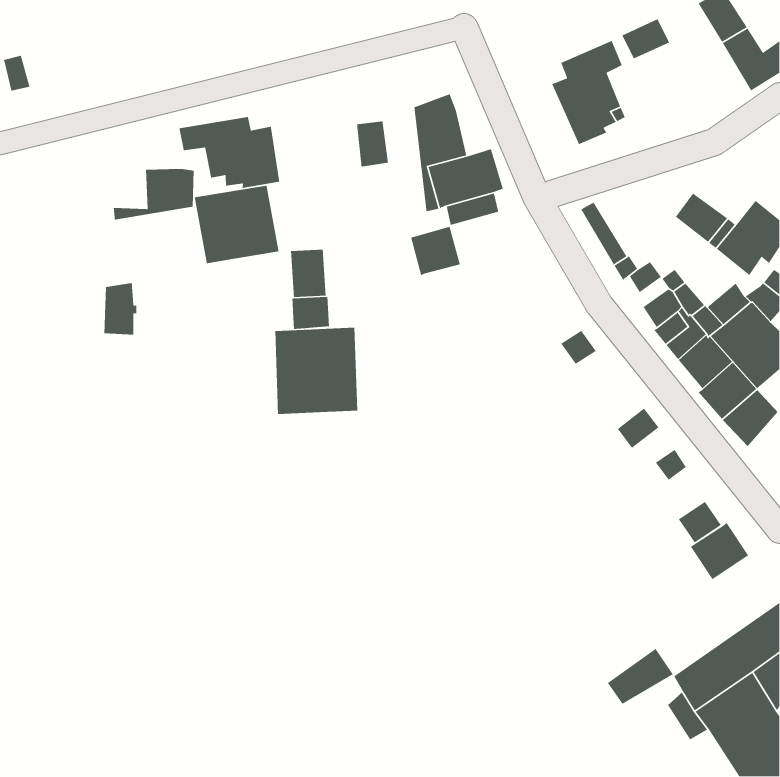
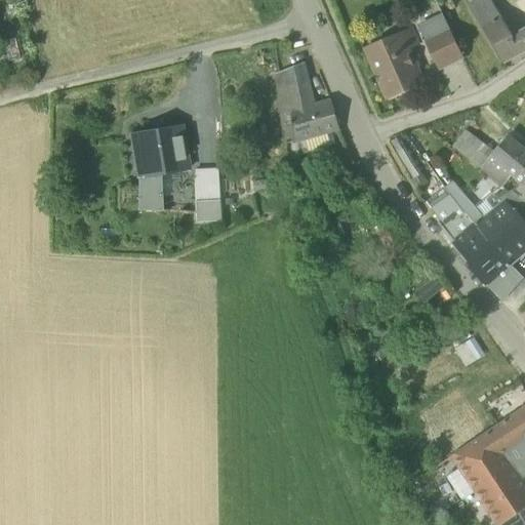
building: none -> [426,29,462,67]
building: [178,116,280,189] -> none
building: [356,121,389,168] -> none
building: [113,168,195,221] -> none
building: [410,226,461,276] -> none
building: [104,282,137,335] -> [137,174,160,210]
building: [274,327,358,415] -> none
building: [690,522,749,580] -> none
building: [607,648,674,705] -> none

